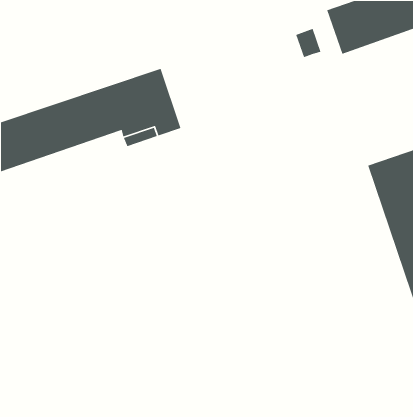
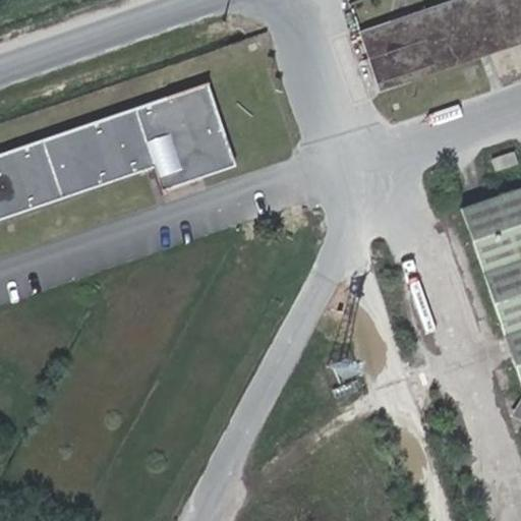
building: none -> [380,13,431,80]

